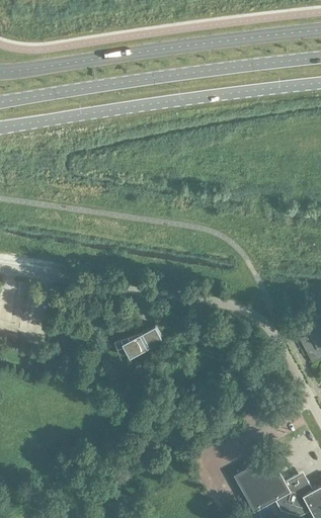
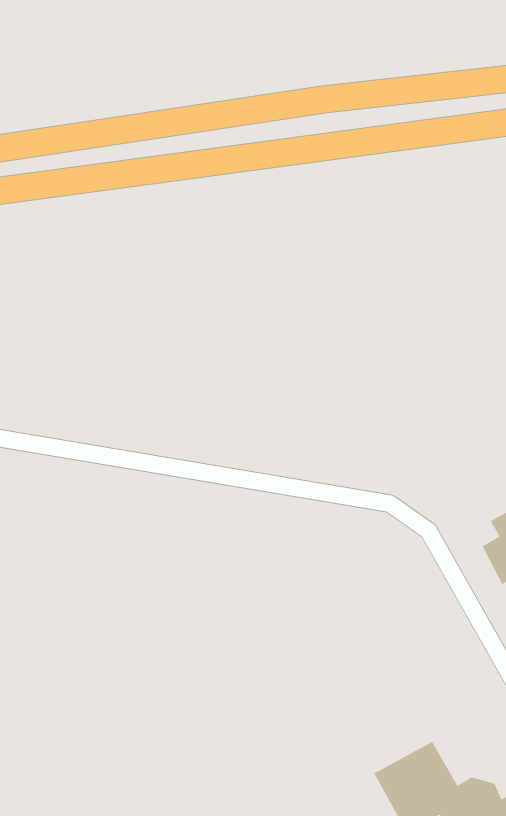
building: [119,325,161,357] -> none

